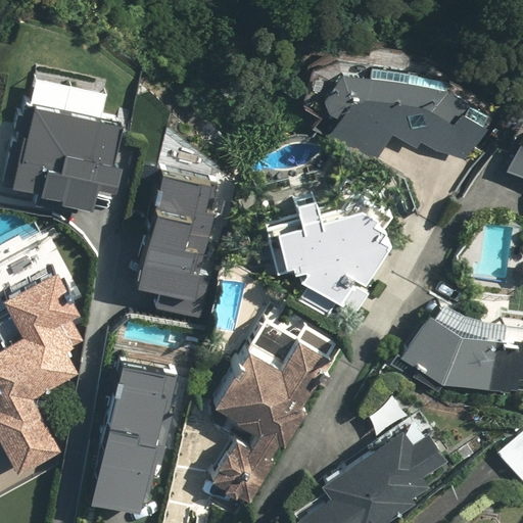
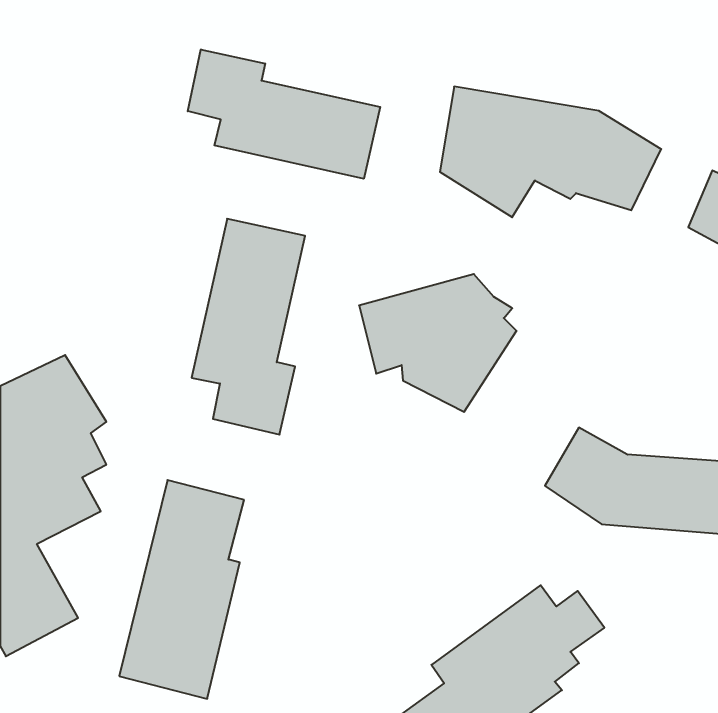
building: none -> [188,49,380,179]
building: [14,95,126,198] -> none
building: [207,341,322,508] -> none

